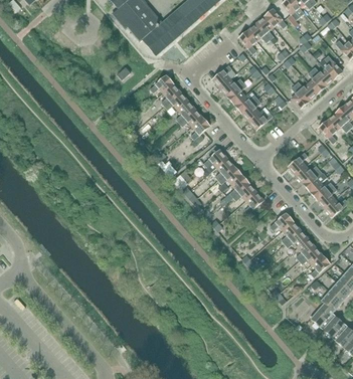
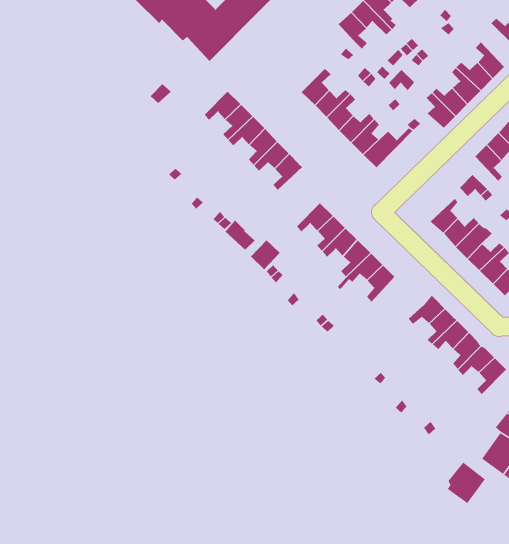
building: none -> [447,462,486,504]

